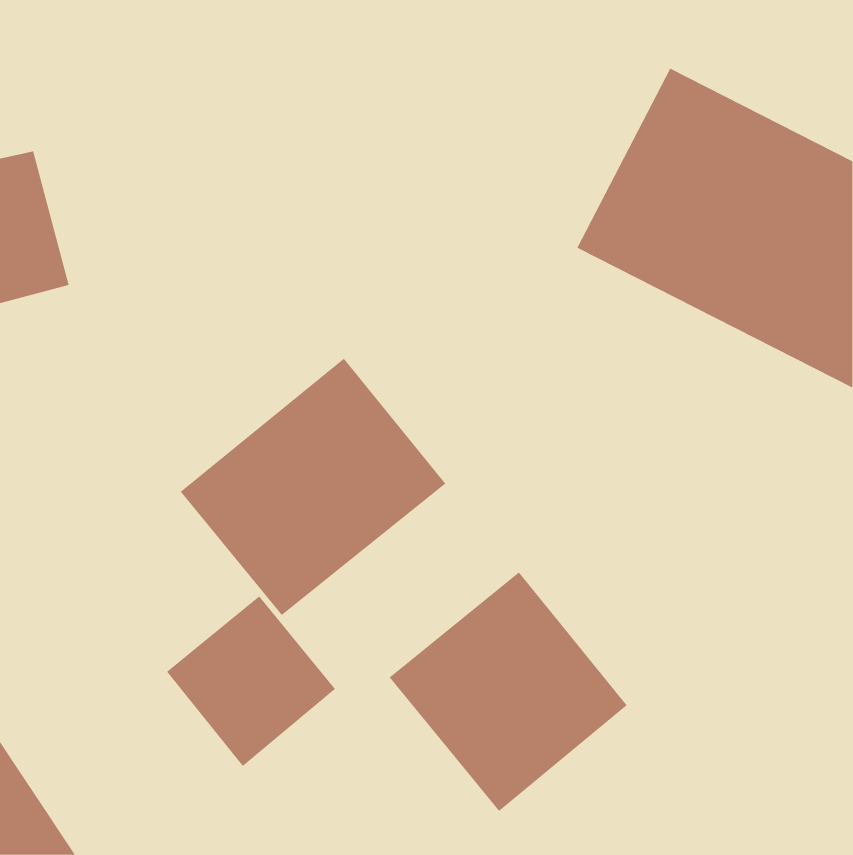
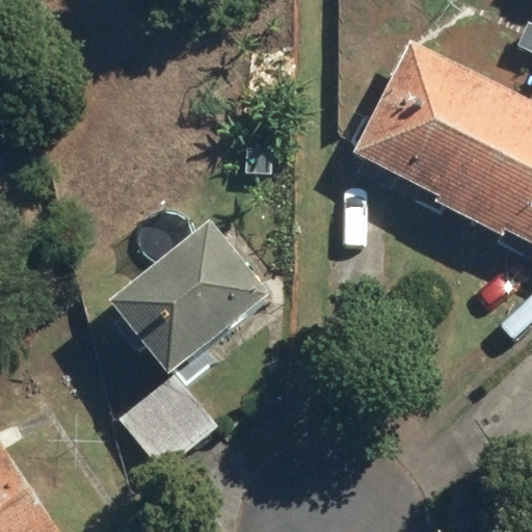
building: [389,571,627,812] -> none

